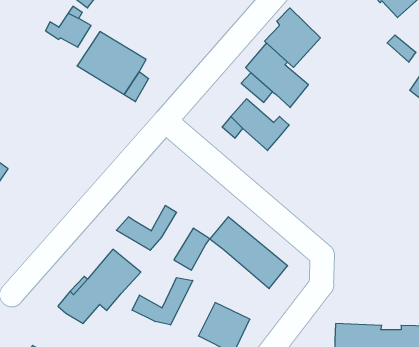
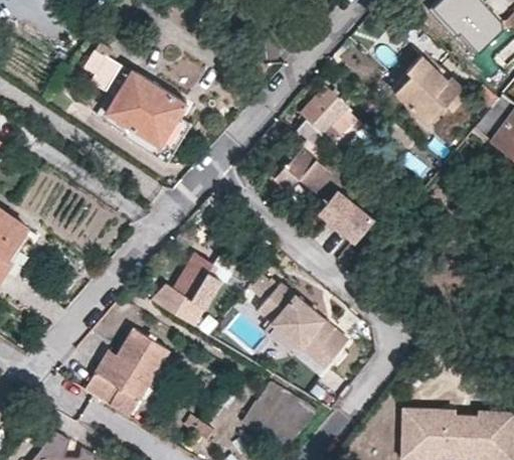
building: [265,8,320,67] -> [394,56,459,125]
building: none -> [320,194,372,245]
building: [174,228,210,270] -> [172,254,213,302]
building: [132,278,193,325] -> none

